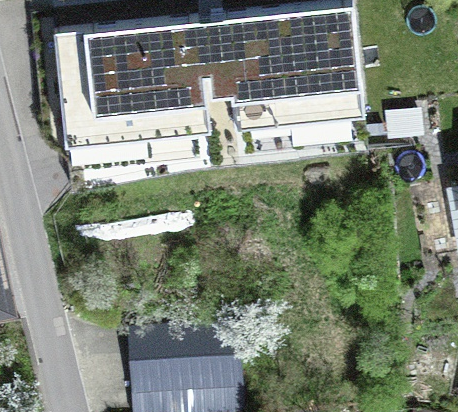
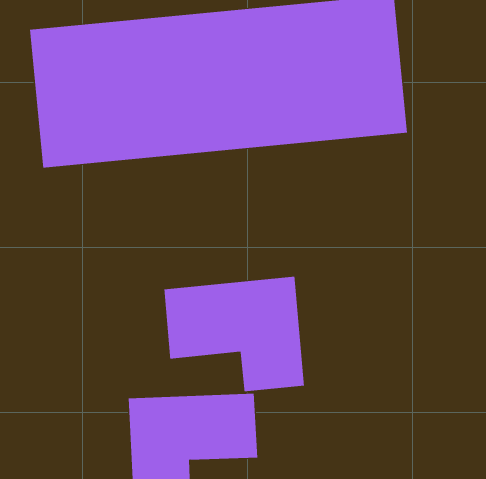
building: none -> [164,276,305,392]

